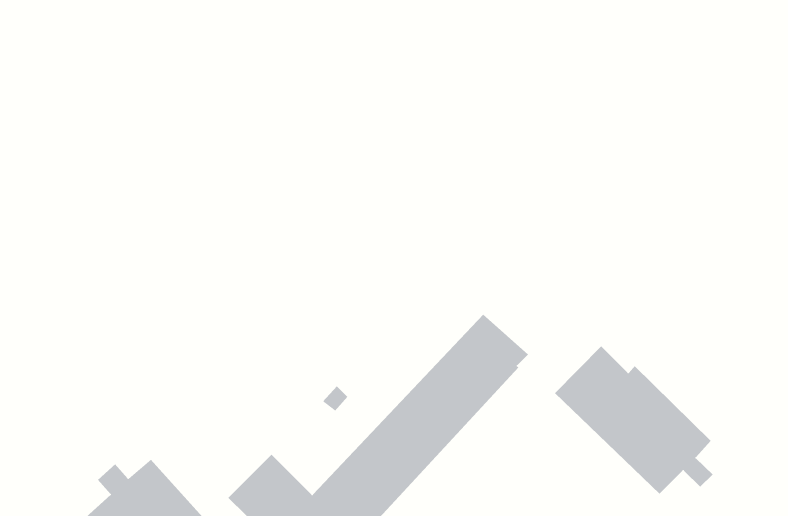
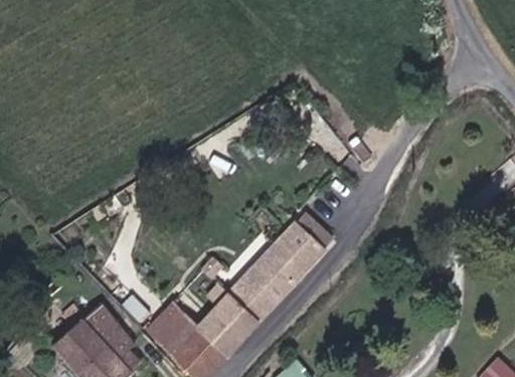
building: [554,345,713,495] -> none

